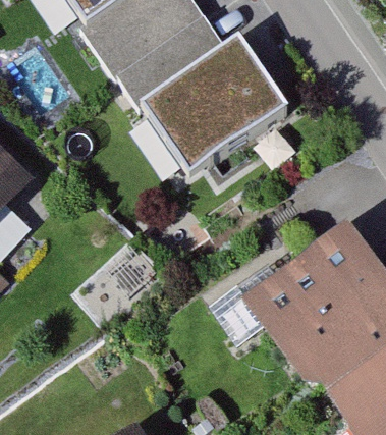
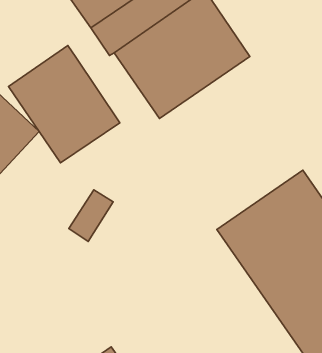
building: none -> [8,46,120,163]

